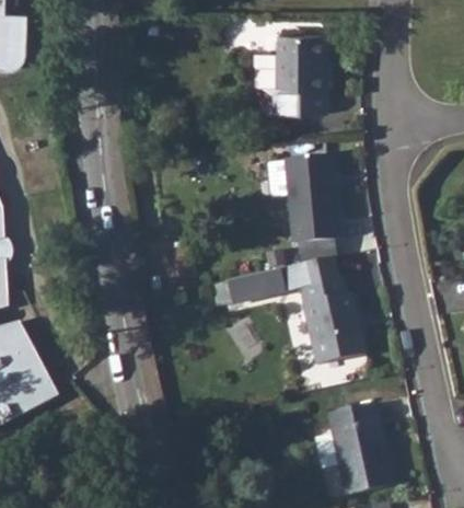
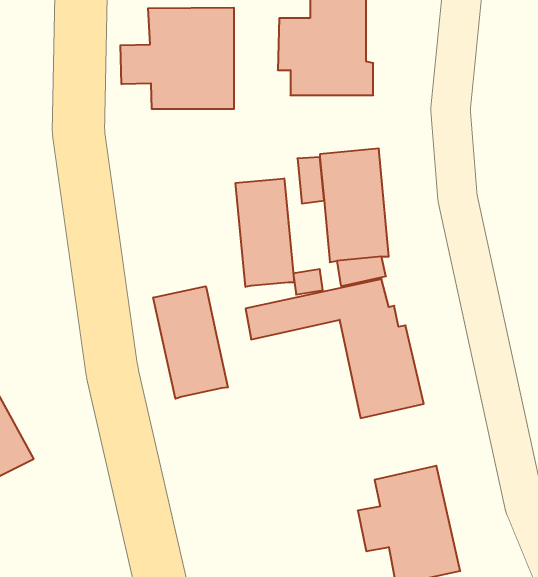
building: none -> [120,8,234,109]
building: none -> [236,178,294,287]
building: none -> [153,286,228,399]

